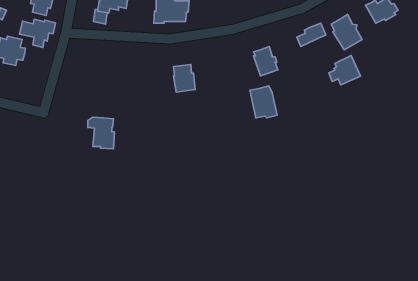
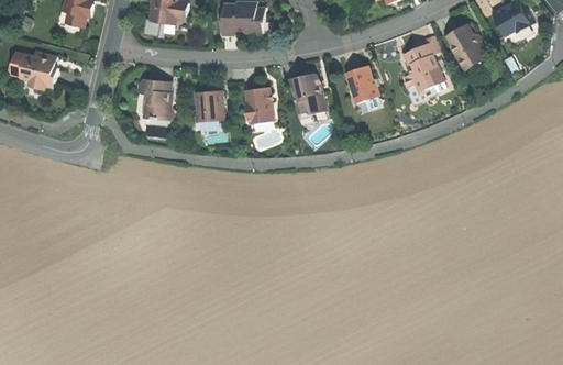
building: [19,19,56,47] -> none
building: [329,56,361,85] -> [402,54,443,91]
building: none -> [196,91,222,121]
building: [250,86,277,118] -> [290,73,325,113]
building: [88,117,114,149] -> [136,79,170,120]

